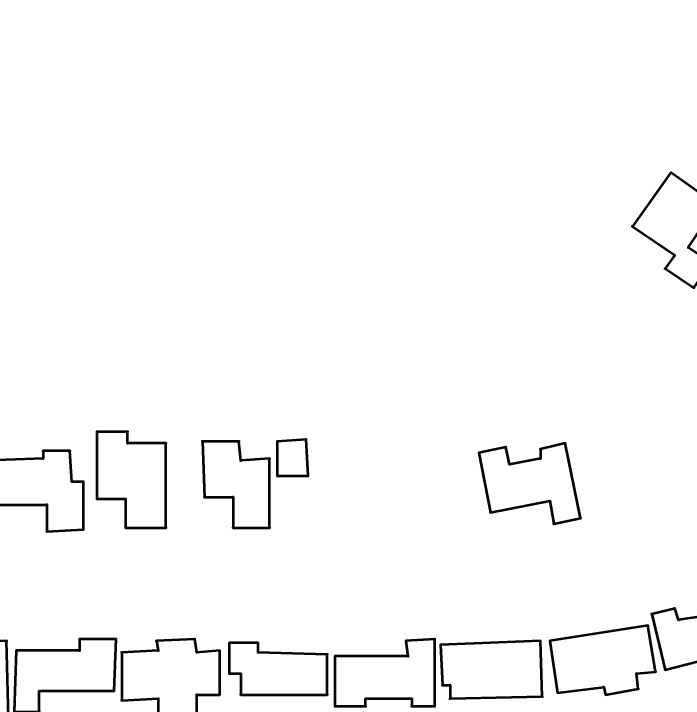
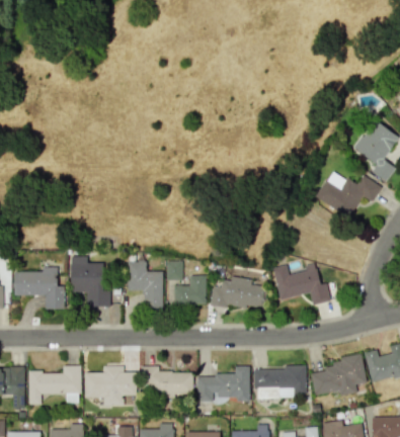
building: none -> [315,171,381,217]
building: none -> [173,276,206,304]
building: none -> [210,276,266,310]

